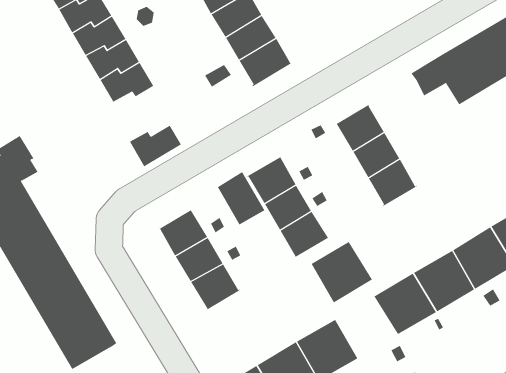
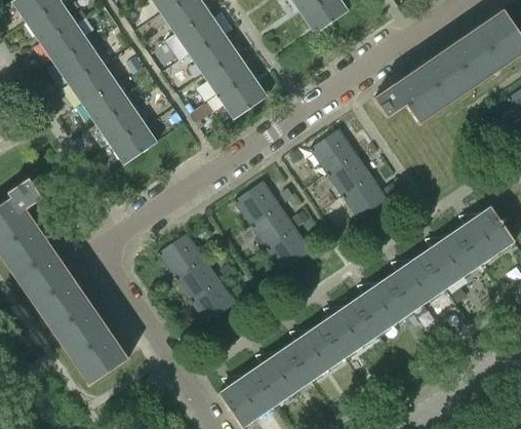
building: [129,125,183,168] -> [110,124,158,164]
building: [217,171,265,227] -> none
building: [311,241,373,303] -> [322,300,378,356]

